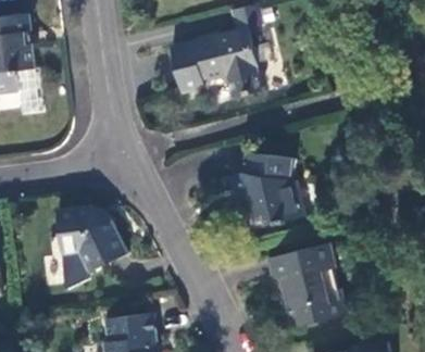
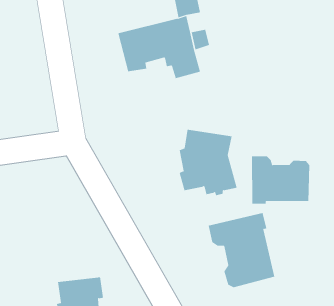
building: none -> [252,156,310,204]
building: [57,208,127,290] -> none

